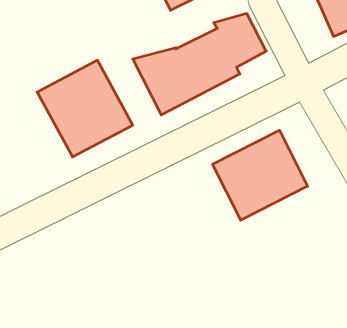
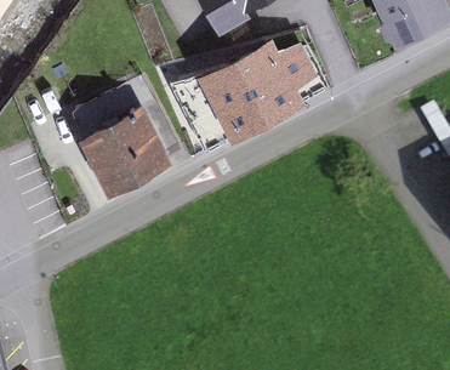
building: [213,130,308,220] -> none

